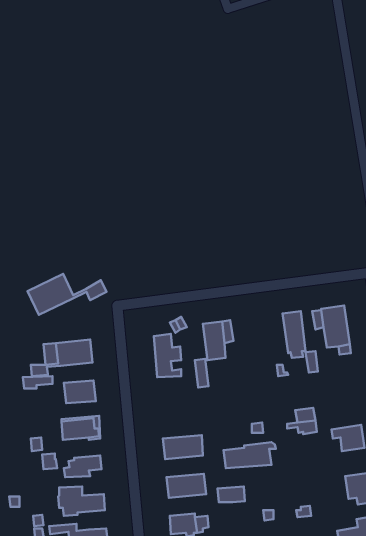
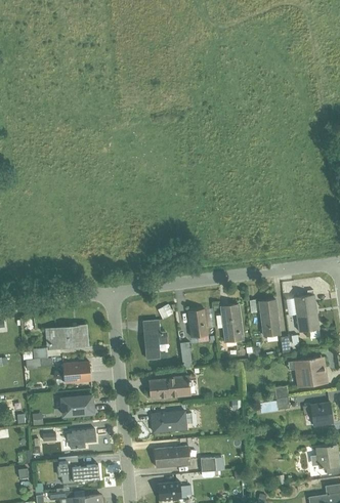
building: [27,274,106,315] -> none
building: none -> [220,304,242,342]
building: none -> [287,357,327,387]
building: [224,442,276,468] -> [147,374,195,397]

